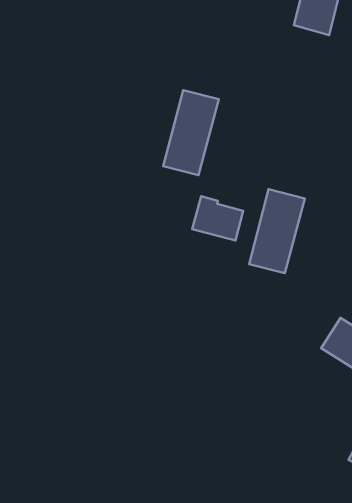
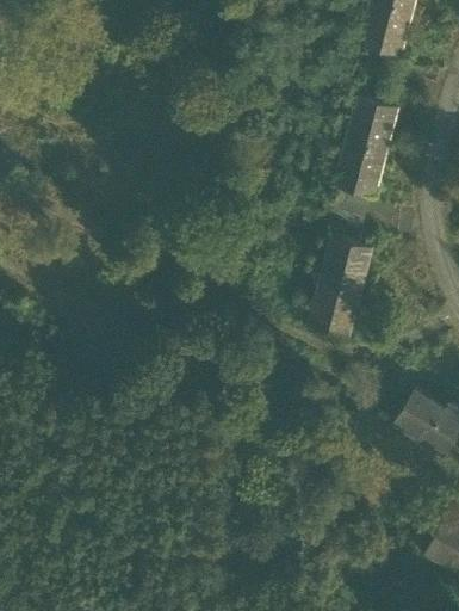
building: [163,90,219,175] -> [334,97,399,197]
building: [192,196,243,240] -> none

